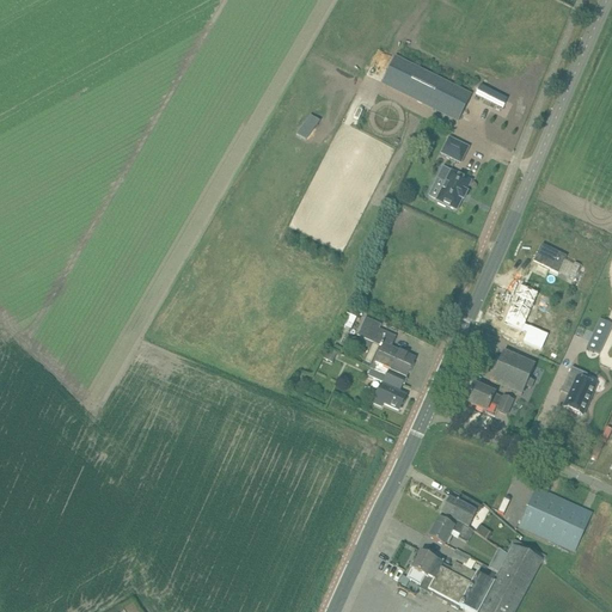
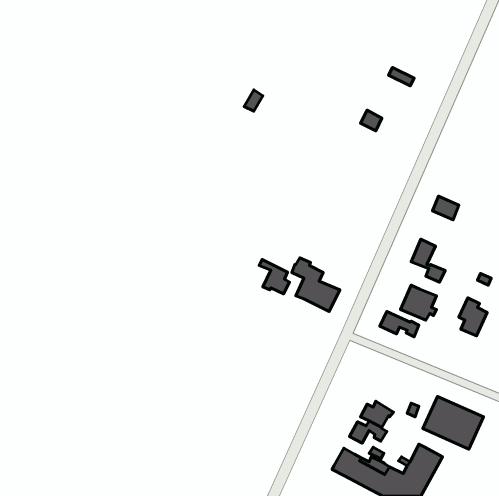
building: [382,55,471,117] -> none
building: [436,165,471,207] -> none
building: [368,366,405,408] -> [259,260,289,294]

